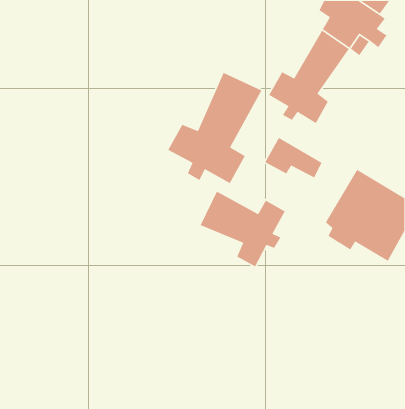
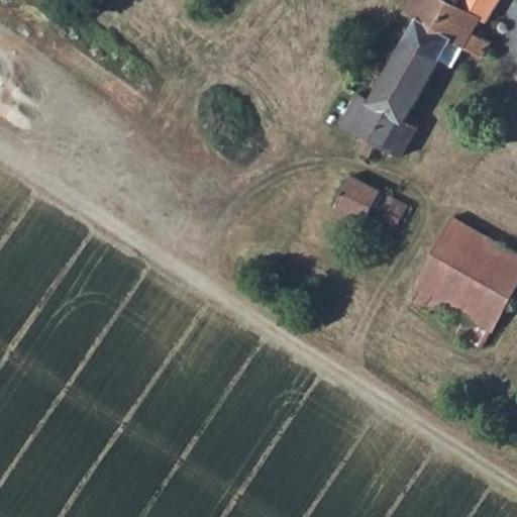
building: [167,72,262,184] -> none
building: [200,191,286,268] -> none

